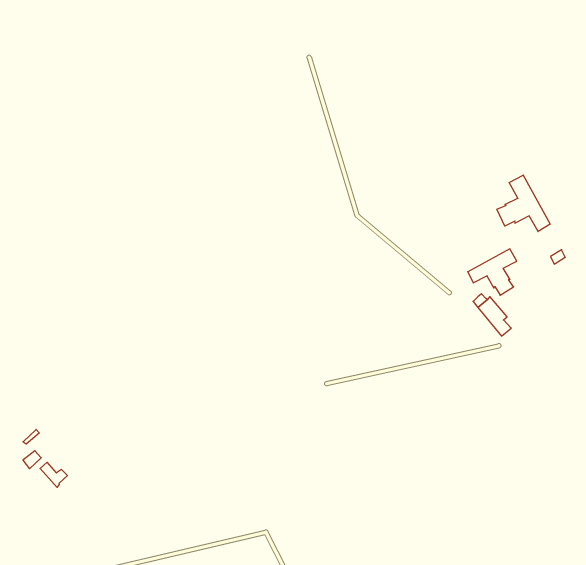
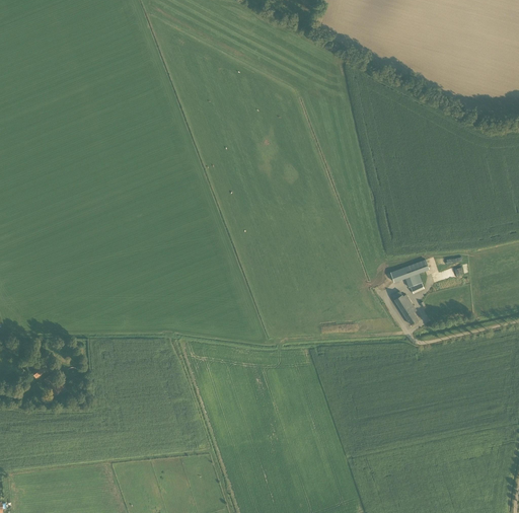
building: [497,175,550,232] -> none

